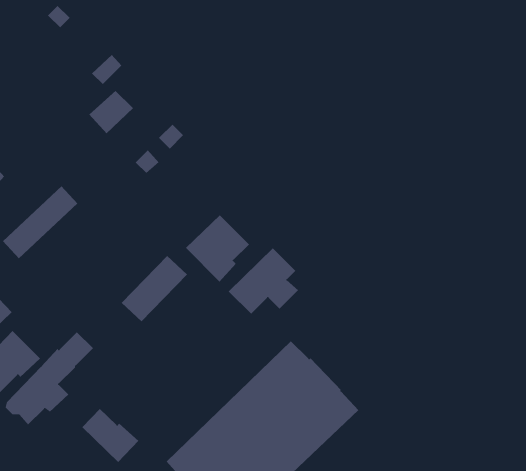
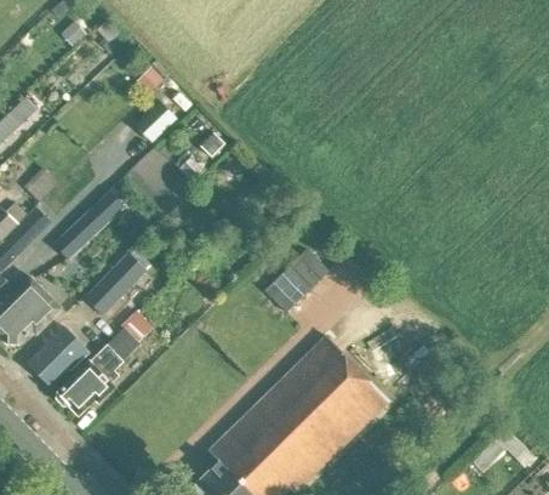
building: [185,215,250,282] -> none
building: [121,255,188,322] -> [84,252,147,315]
building: [82,408,139,463] -> none

